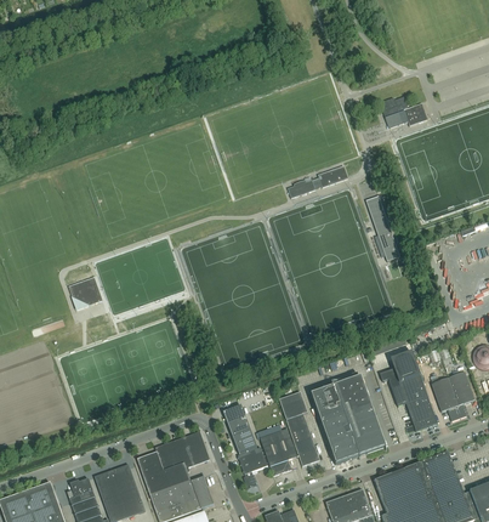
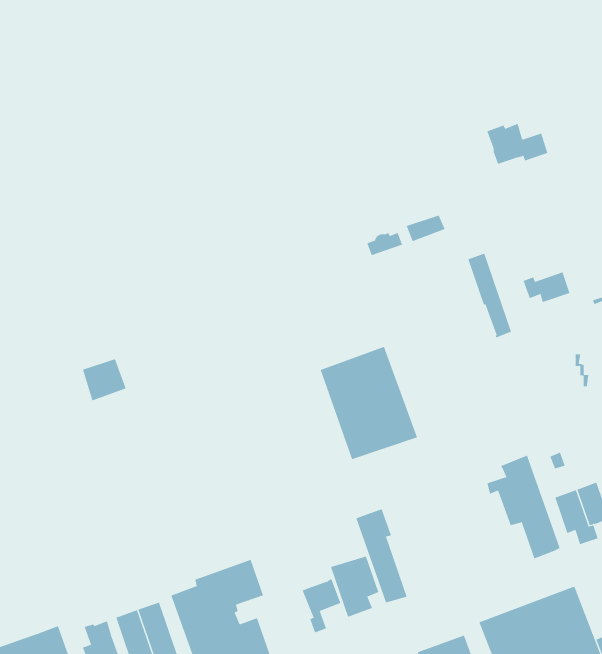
building: none -> [523,272,570,303]
building: [311,376,386,464] -> [320,346,418,460]
building: [223,404,257,454] -> none

